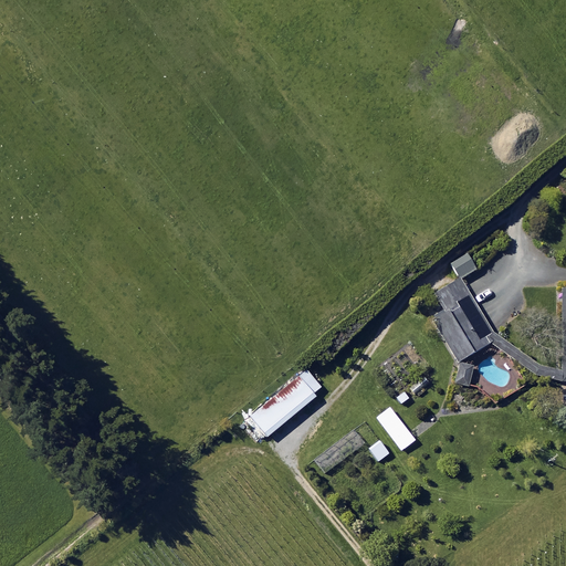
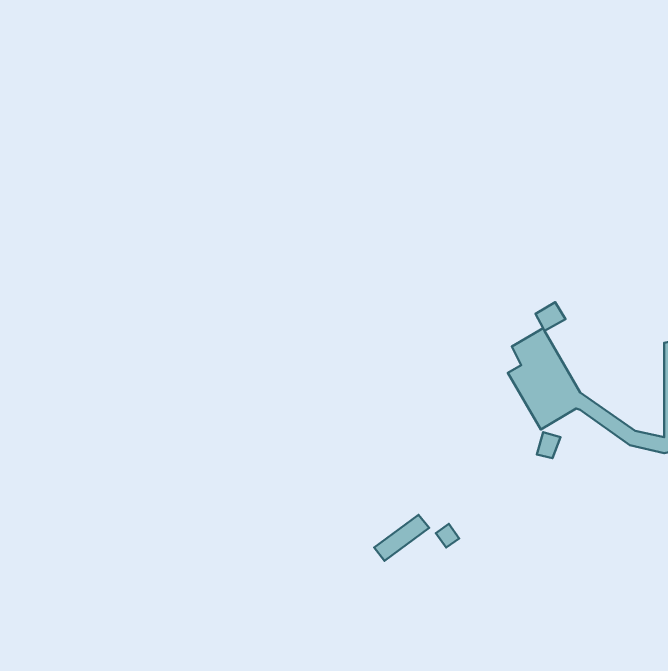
building: [250,371,323,438] -> none
building: [377,408,415,451] -> none

